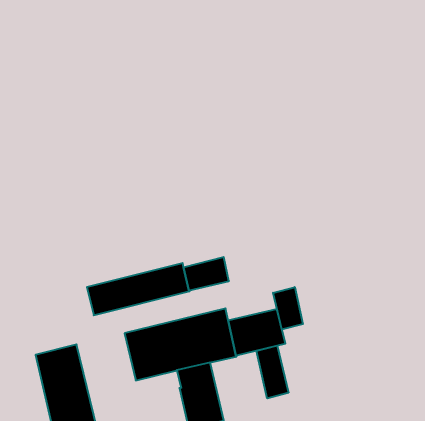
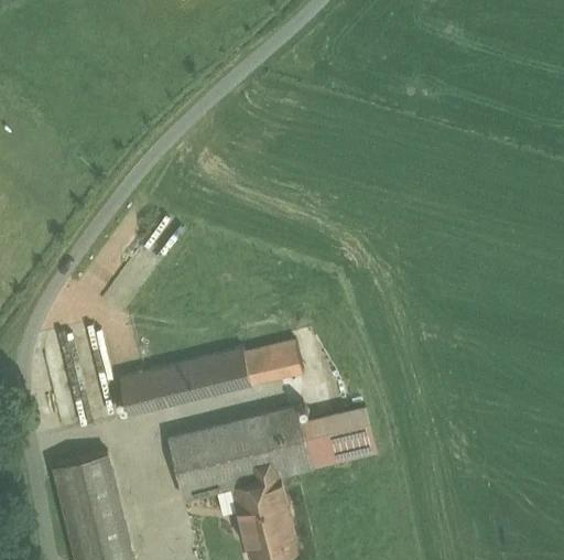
building: [273,287,303,329] -> none
building: [257,346,288,398] -> none

